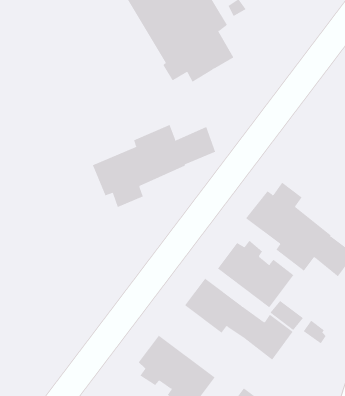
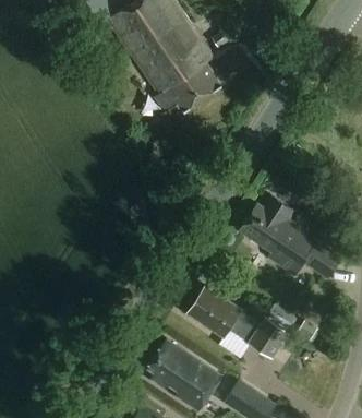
building: [92,124,216,208] -> none
building: [217,240,294,308] -> none

